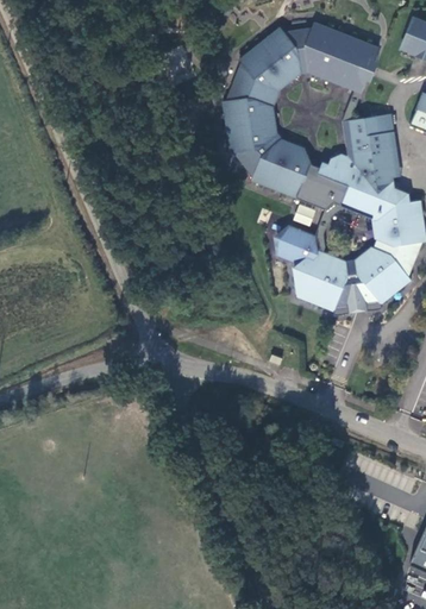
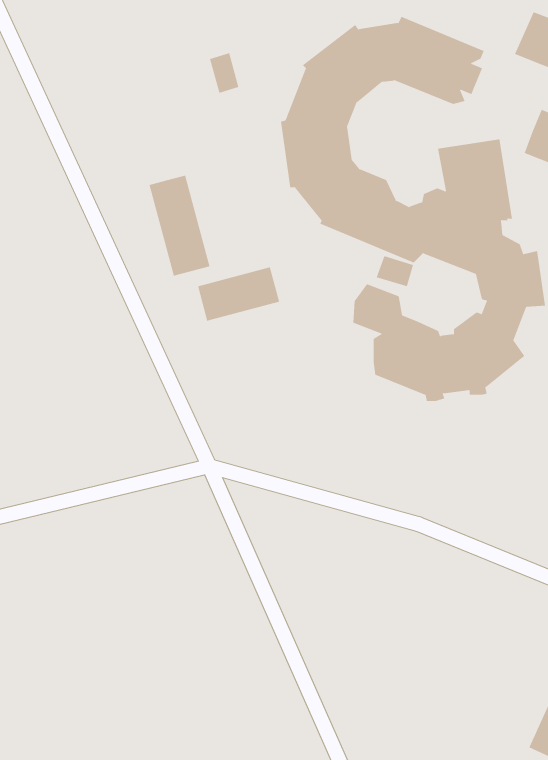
building: none -> [149,175,210,276]
building: none -> [198,266,280,322]

